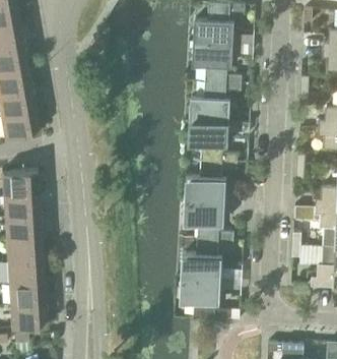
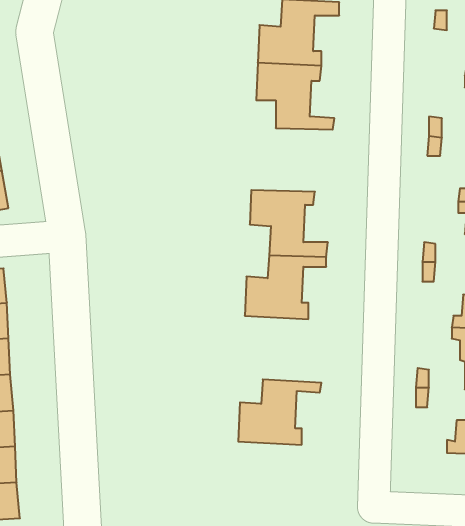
building: [191,83,242,123] -> none
building: [186,200,234,242] -> none
building: [182,279,230,320] -> none

